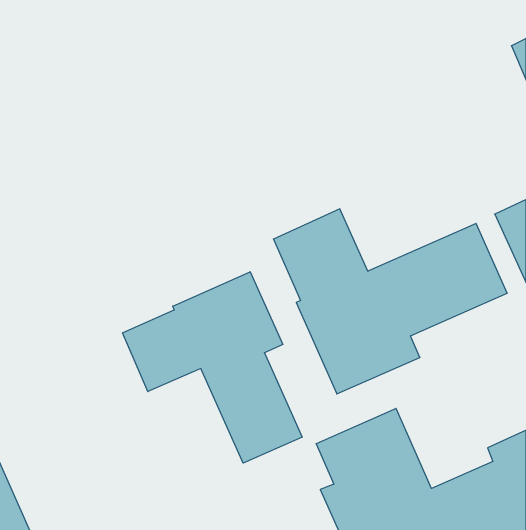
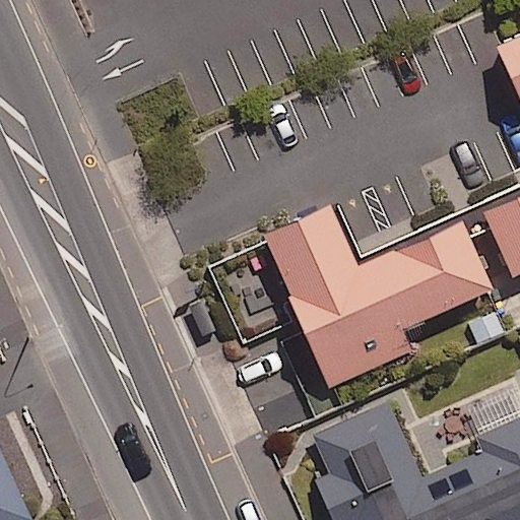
building: [122,272,302,463] -> none

